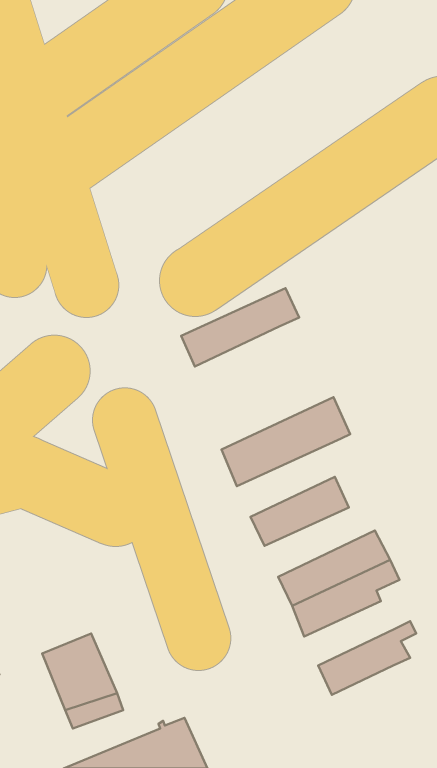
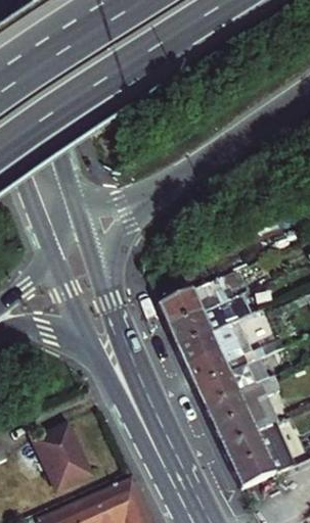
building: [181,288,299,366] -> [169,294,248,346]
building: none -> [187,332,273,386]
building: none -> [214,402,274,445]
building: none -> [232,445,284,487]

